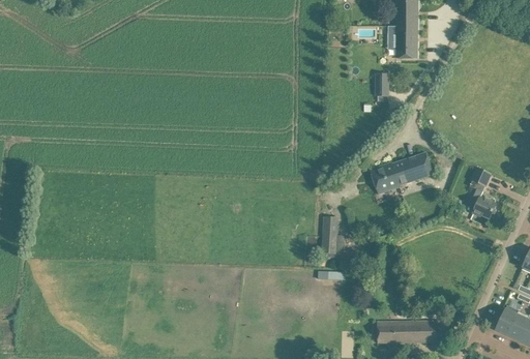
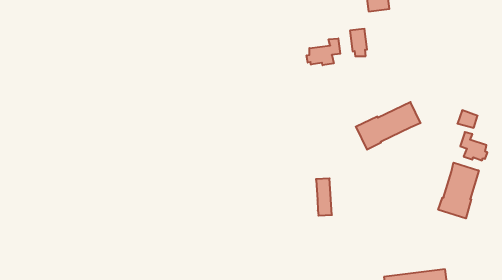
building: none -> [307,38,340,65]
building: none -> [438,163,479,218]

